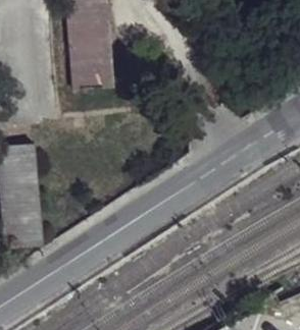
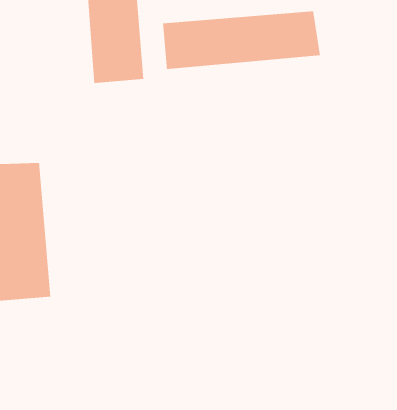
building: none -> [163,11,320,70]

